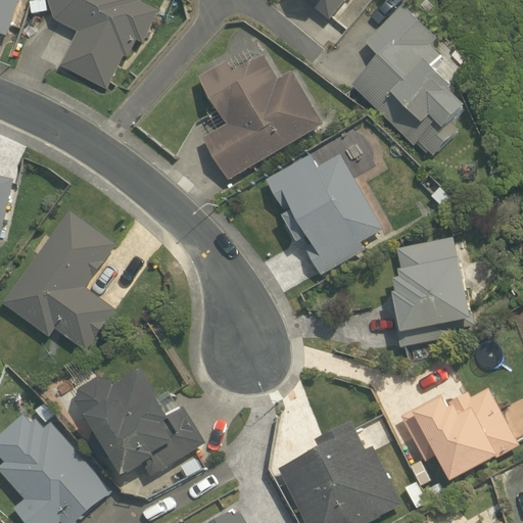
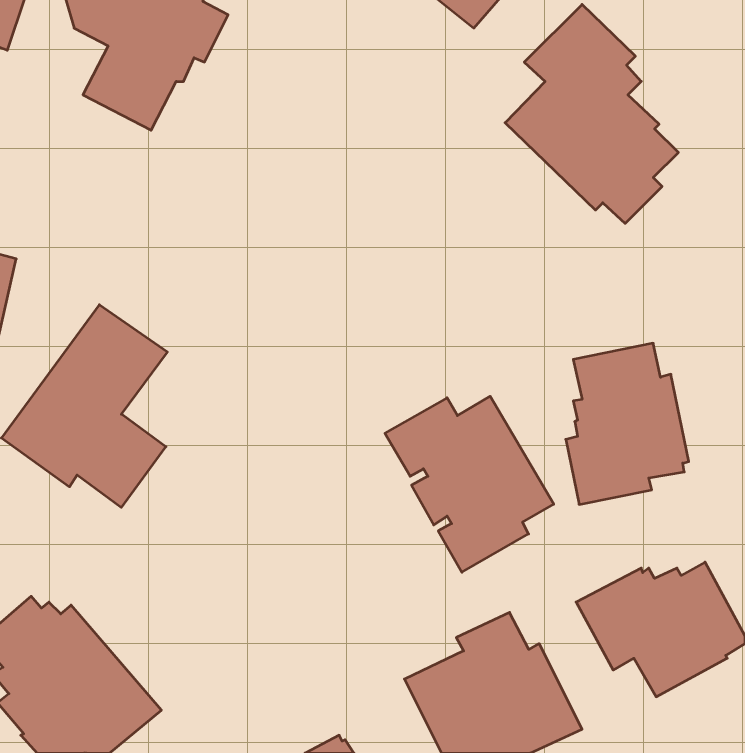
building: [197,53,322,178] -> none
building: [266,154,382,276] -> [385,396,554,572]
building: [75,366,206,477] -> none

